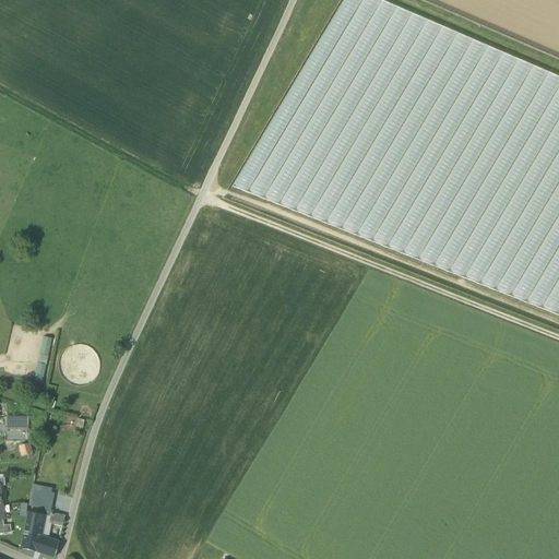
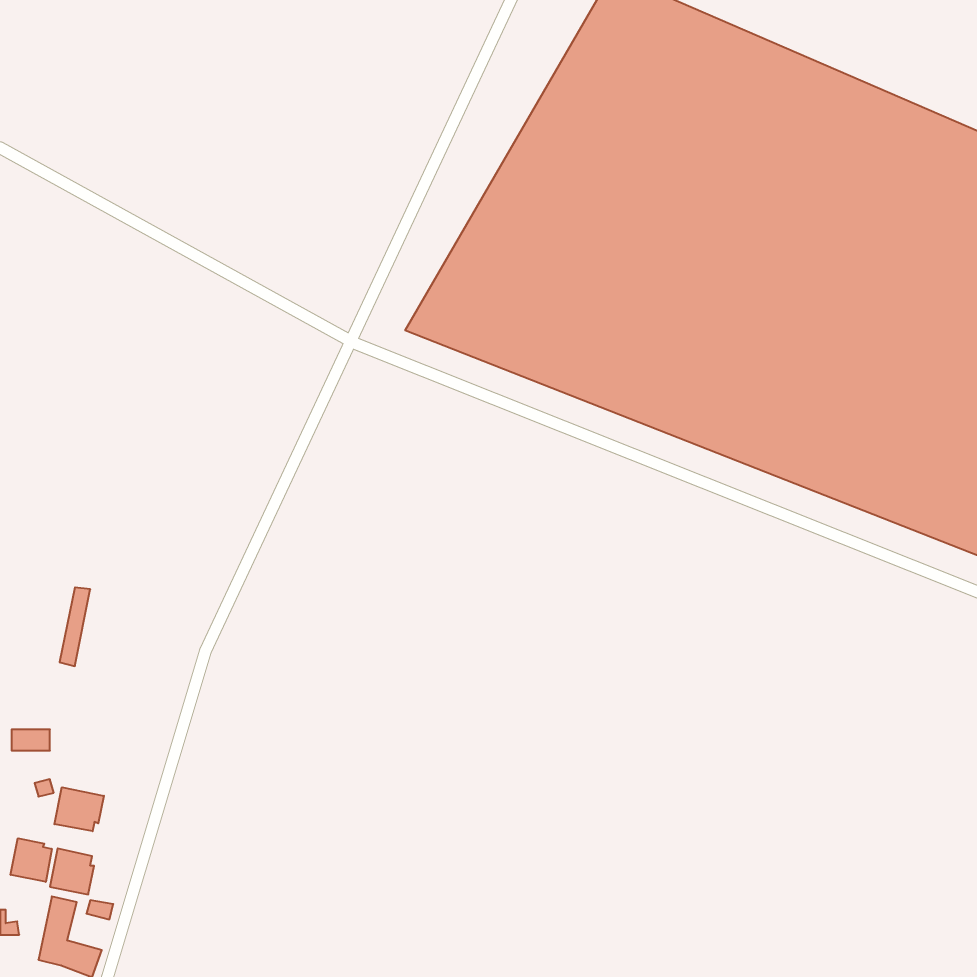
building: none -> [54,787,104,831]
building: none -> [11,838,52,882]

